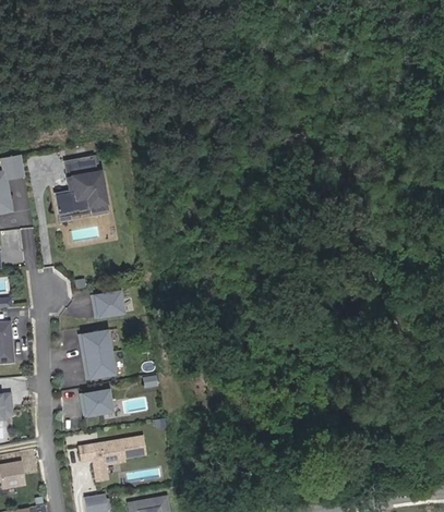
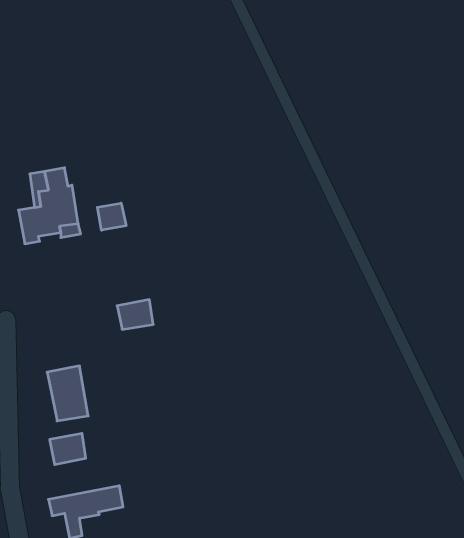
building: none -> [97,203,126,230]
building: [91,290,122,316] -> [117,300,153,329]

